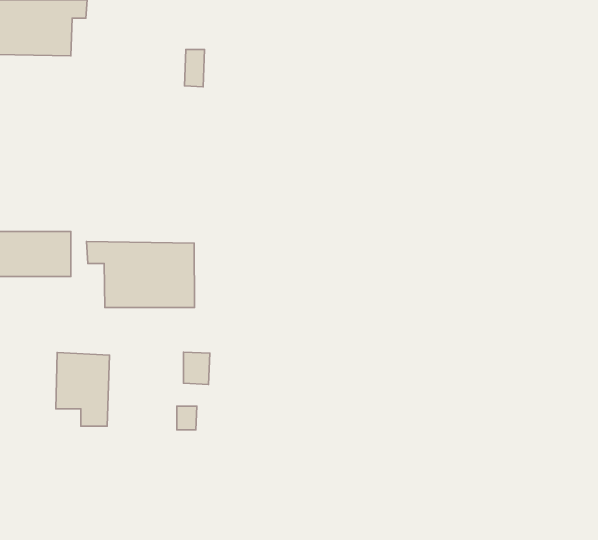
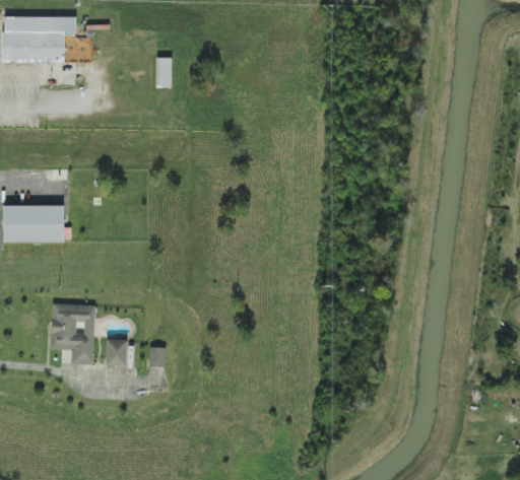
building: [87,241,195,307] -> none
building: [184,352,210,384] -> [106,339,127,365]

